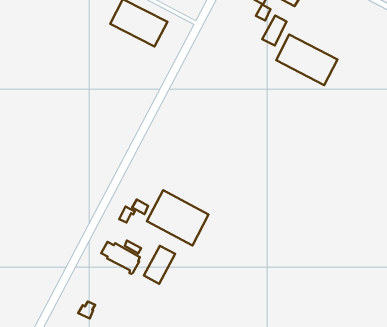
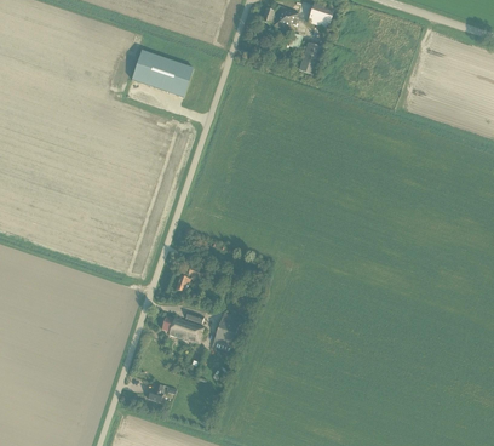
building: [276,34,337,85] -> none
building: [147,190,209,245] -> none

